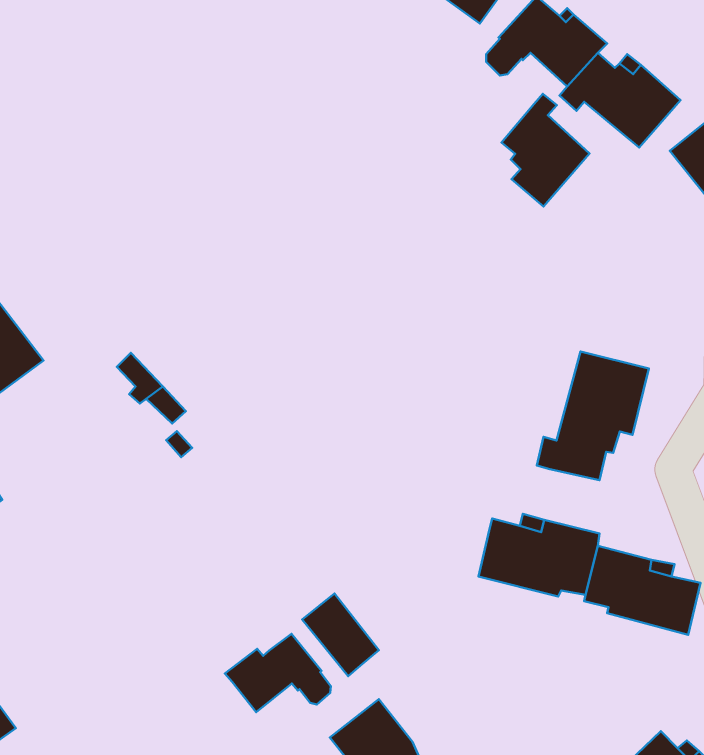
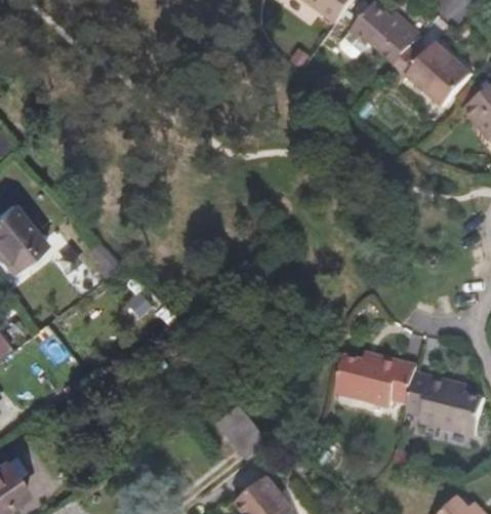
building: [501,94,590,206] -> none
building: [537,351,649,480] -> none
building: [225,634,331,712] -> none

